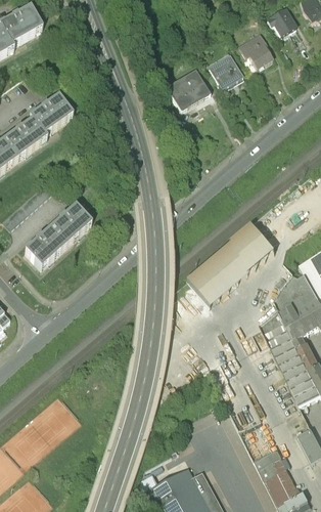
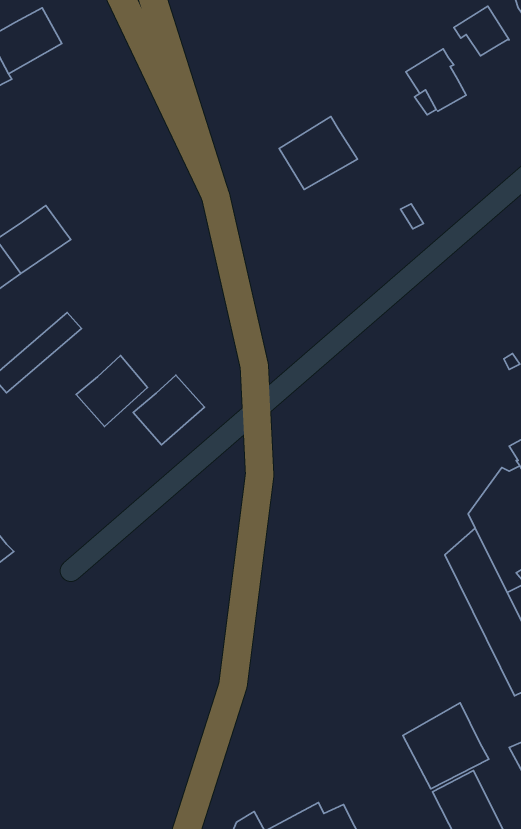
building: [208,54,242,89] -> none
building: [29,99,72,138] -> none
building: [185,225,275,308] -> none
building: [25,231,65,271] -> [133,375,204,445]
building: none -> [403,703,489,789]

